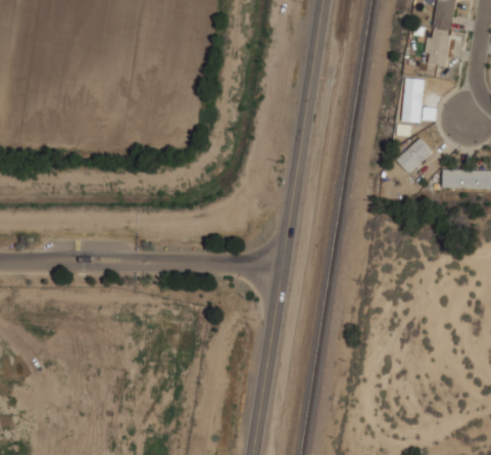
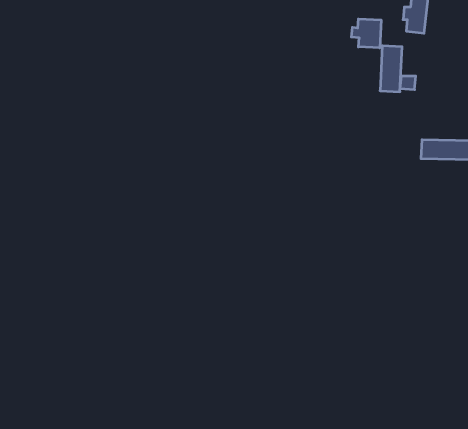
building: none -> [351,19,381,48]
building: [393,137,433,176] -> none

